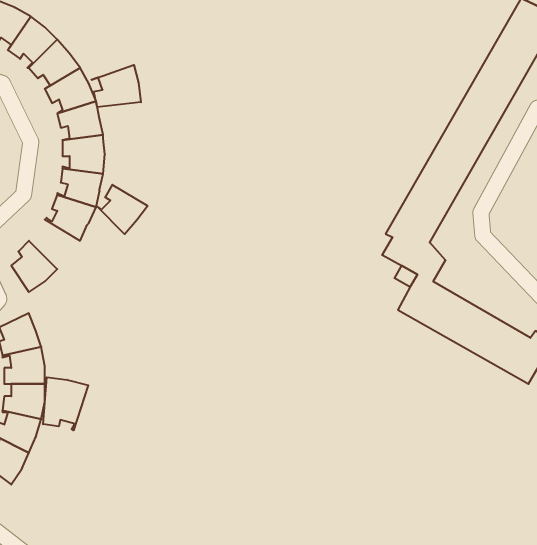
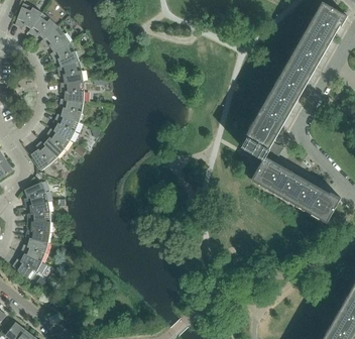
building: [91,65,141,107] -> none
building: [96,185,148,234] -> [41,128,71,156]
building: [43,377,88,430] -> none

